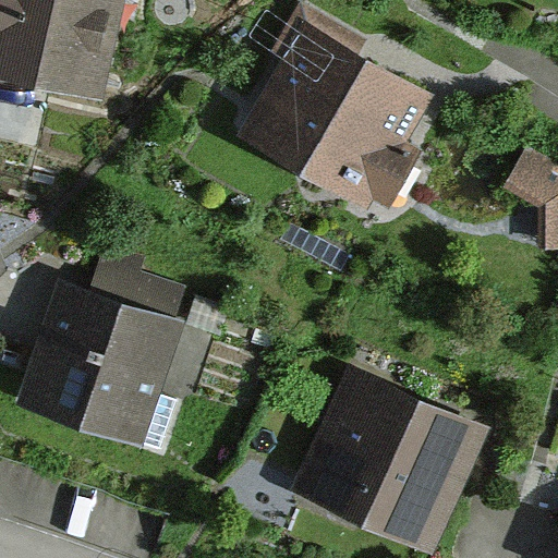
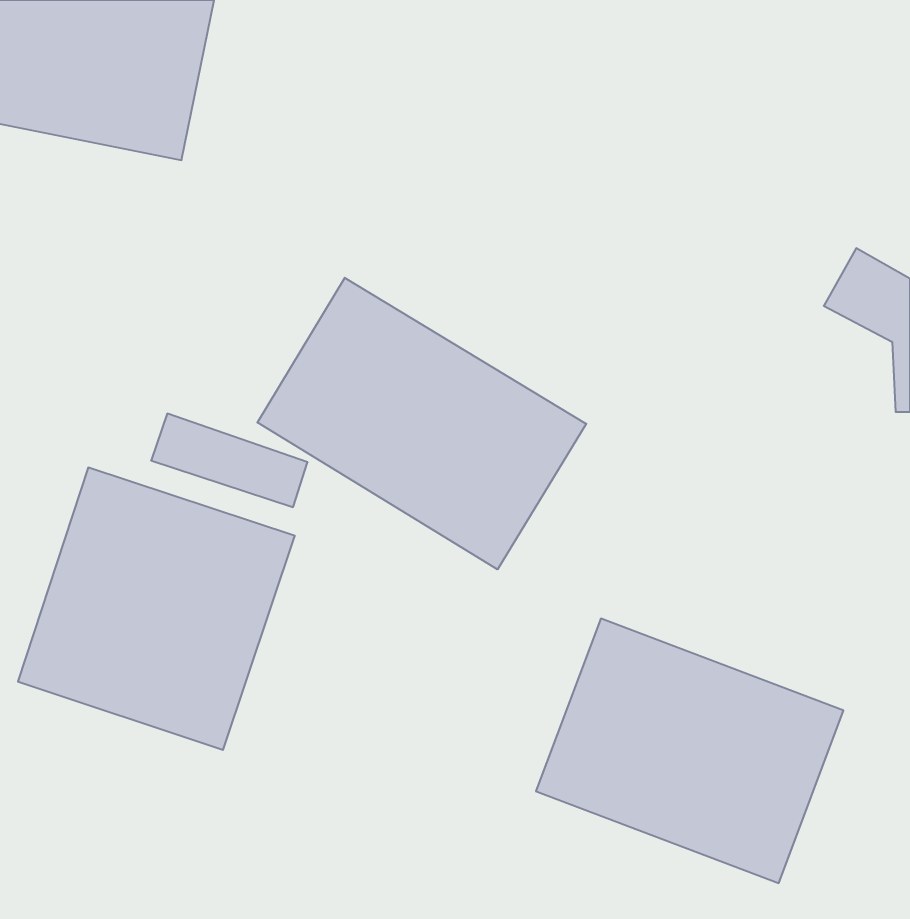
building: [238,27,427,209] -> none
building: none -> [257,278,586,569]

